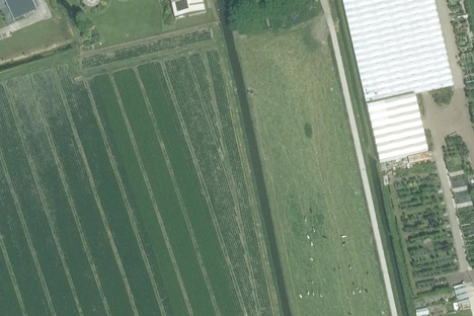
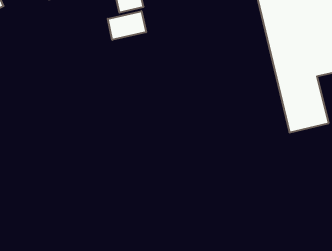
building: none -> [108,11,146,40]

